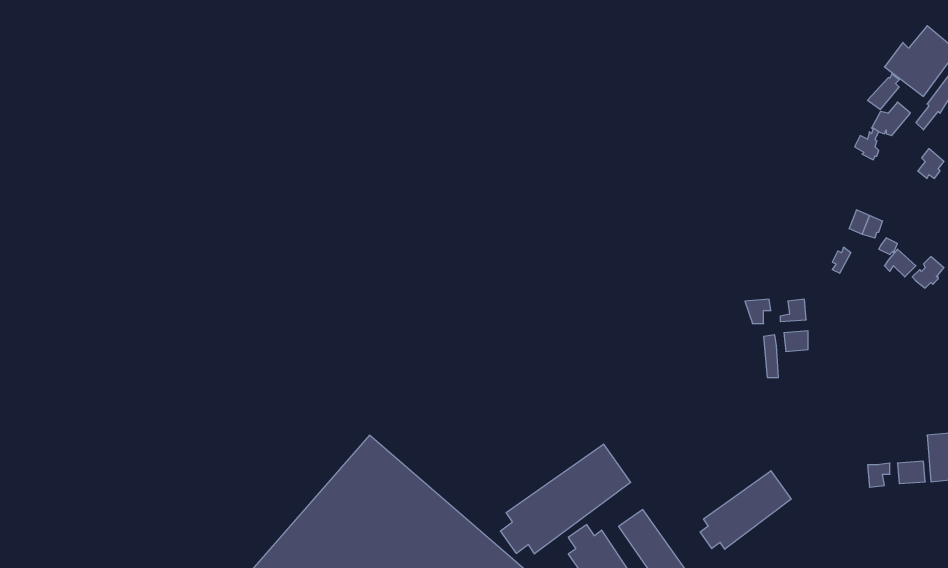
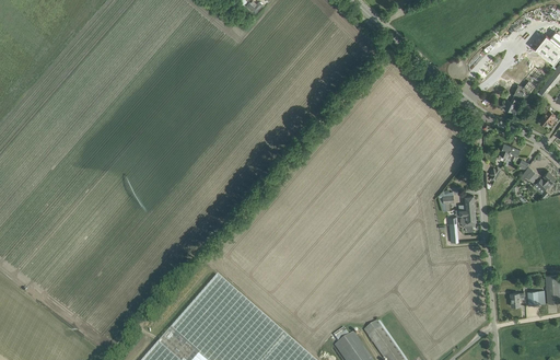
building: [500,444,631,554] -> none
building: [700,471,791,549] -> none

